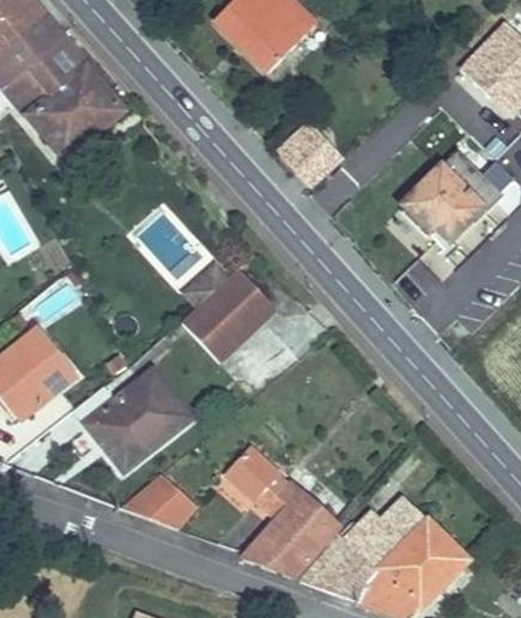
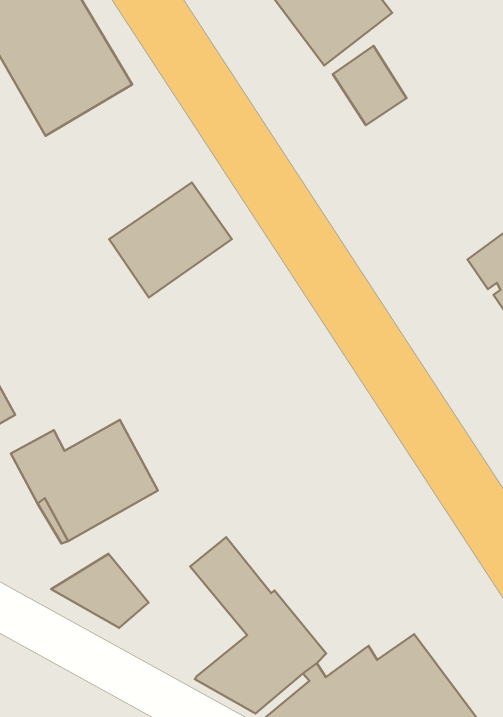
building: [281,123,340,185] -> [333,46,406,125]
building: [182,269,276,362] -> [109,183,232,297]

